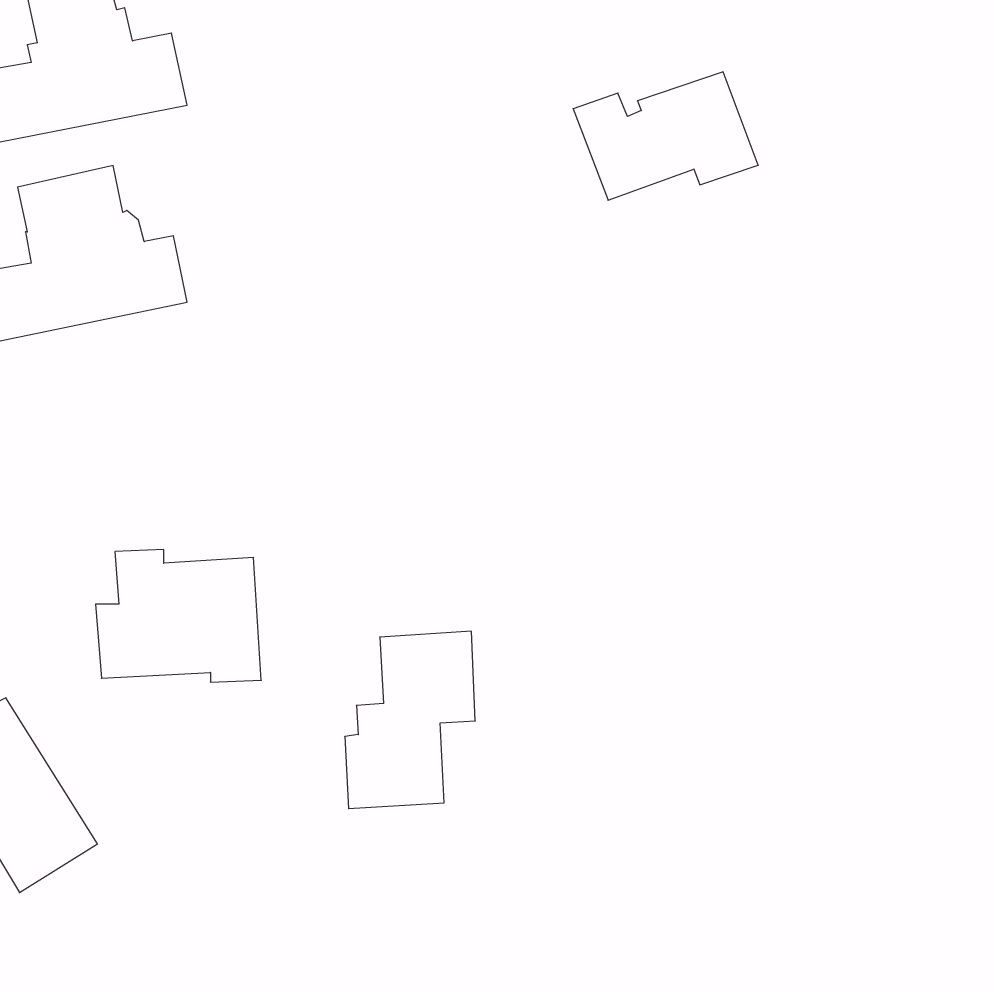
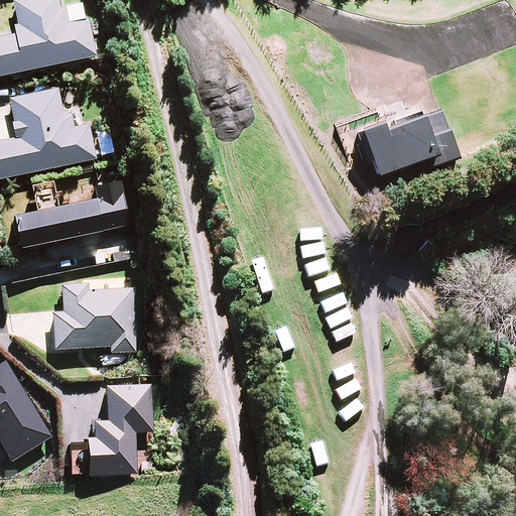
building: [573,72,758,200] -> [369,109,465,175]
building: none -> [15,190,130,246]
building: [345,631,475,809] -> [85,385,152,477]

